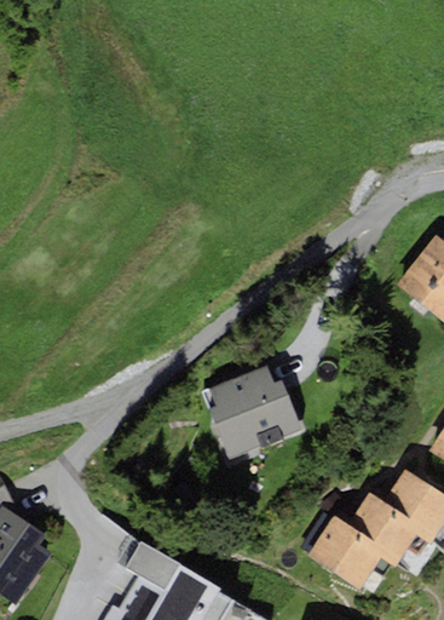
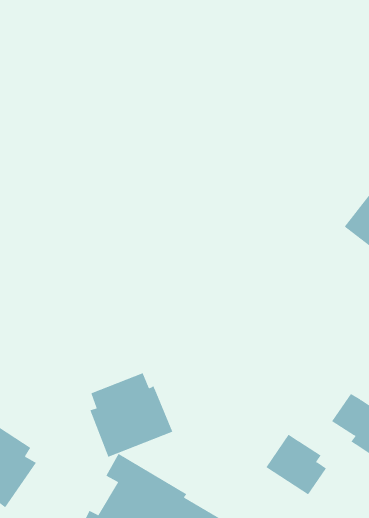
building: [206,363,300,459] -> [89,373,173,458]
building: [347,494,414,567] -> none

